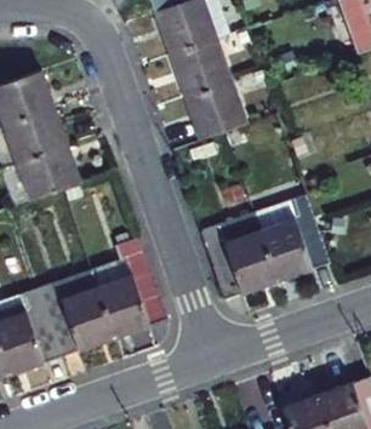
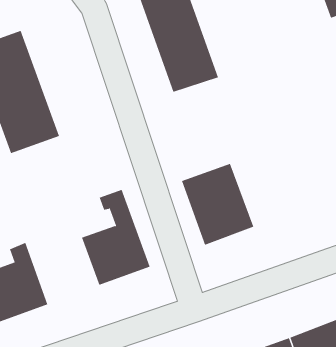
building: [256,190,333,275] -> none
building: [45,273,120,355] -> none

